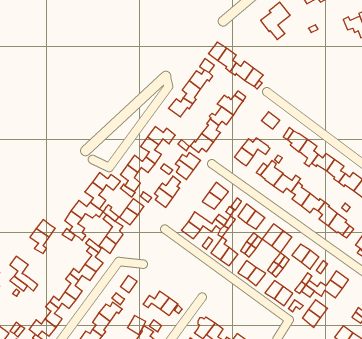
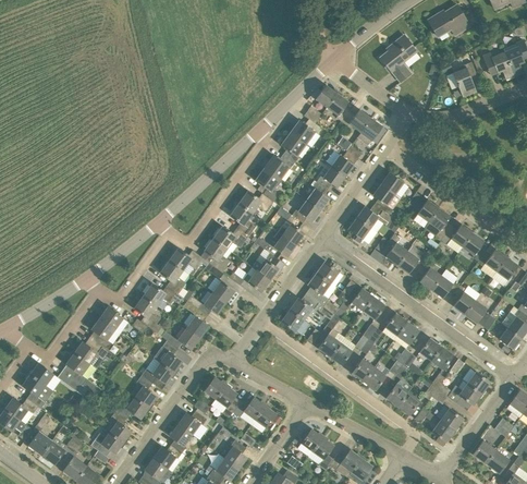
building: none -> [446,61,477,97]
building: none -> [256,168,280,202]
building: none -> [372,183,401,216]
building: none -> [74,342,112,368]
building: none -> [216,385,241,419]

